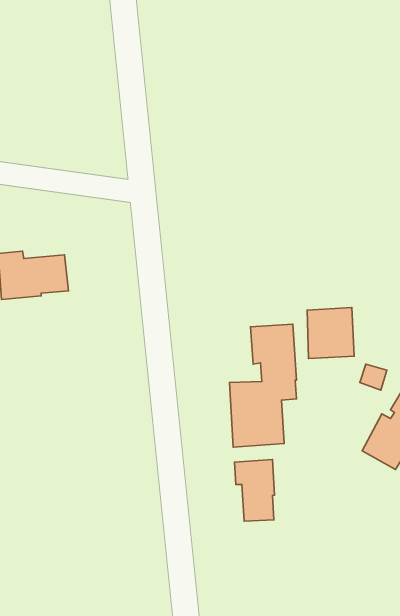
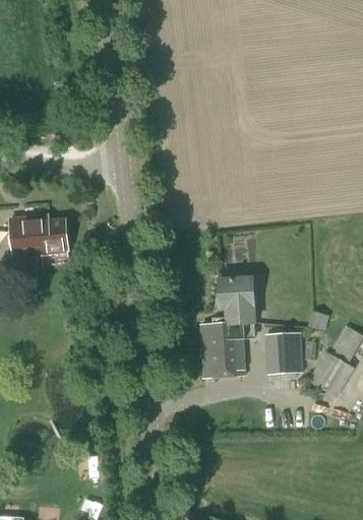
building: [307,308,354,358] -> [265,332,304,374]
building: [235,460,274,521] -> none

